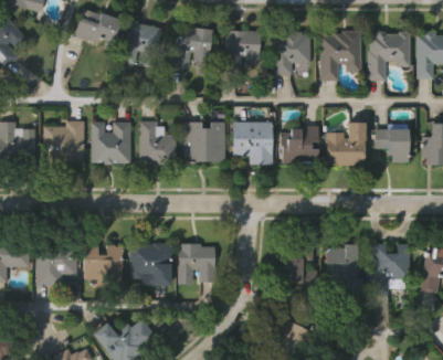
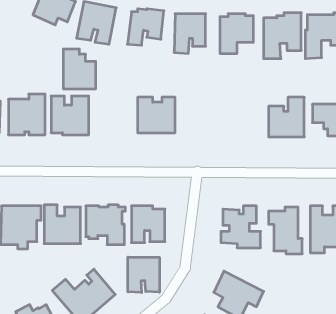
building: [141,123,177,166] -> [63,49,96,89]
building: [234,123,273,167] -> none
building: [281,126,318,163] -> none
building: none -> [128,257,159,293]

